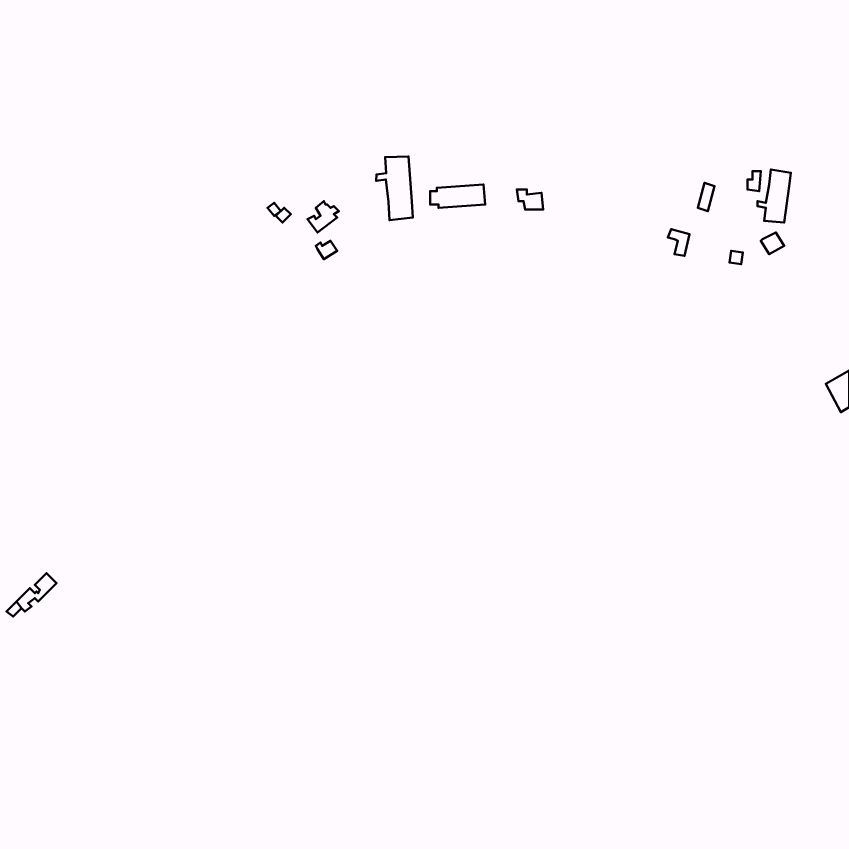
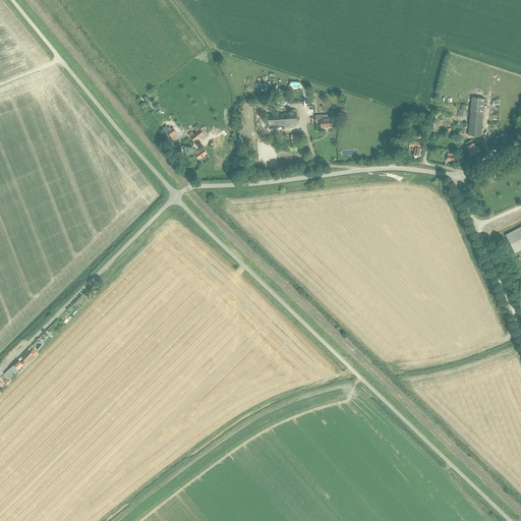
building: [376,157,413,220] -> none

